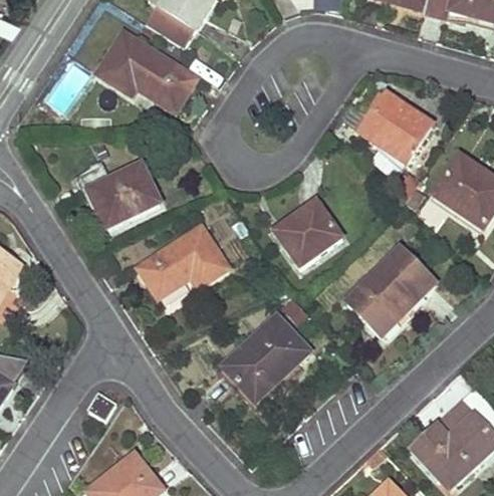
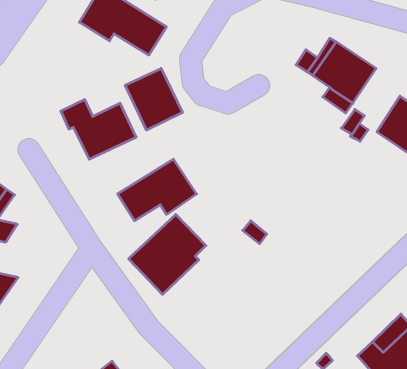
building: none -> [125,68,182,130]
building: [274,200,343,267] -> none
building: [348,248,433,332] -> none
building: [224,314,311,405] -> [129,214,206,294]

